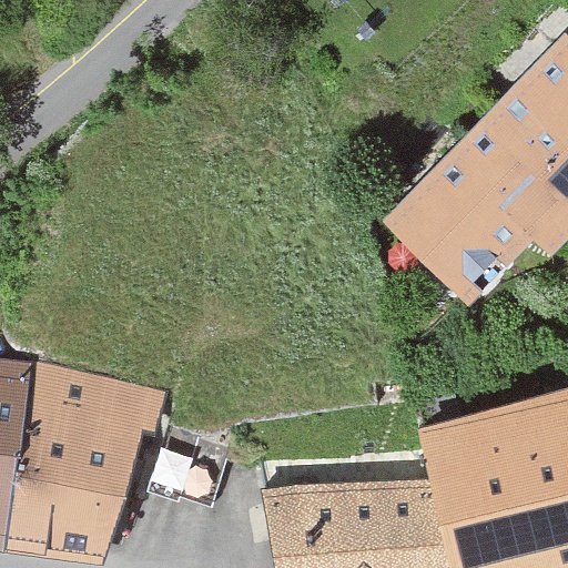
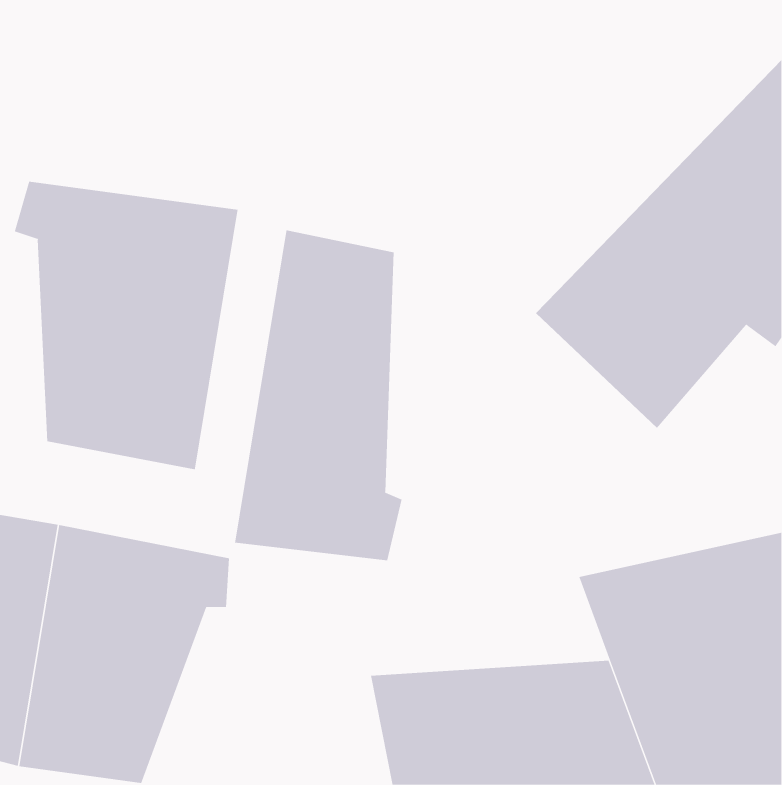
building: none -> [14,181,238,470]
building: none -> [234,230,402,561]

